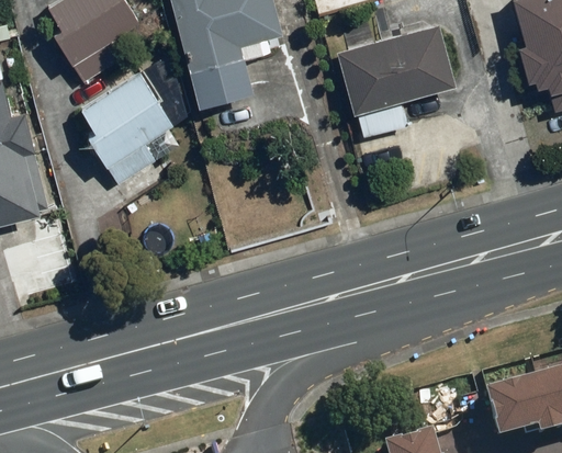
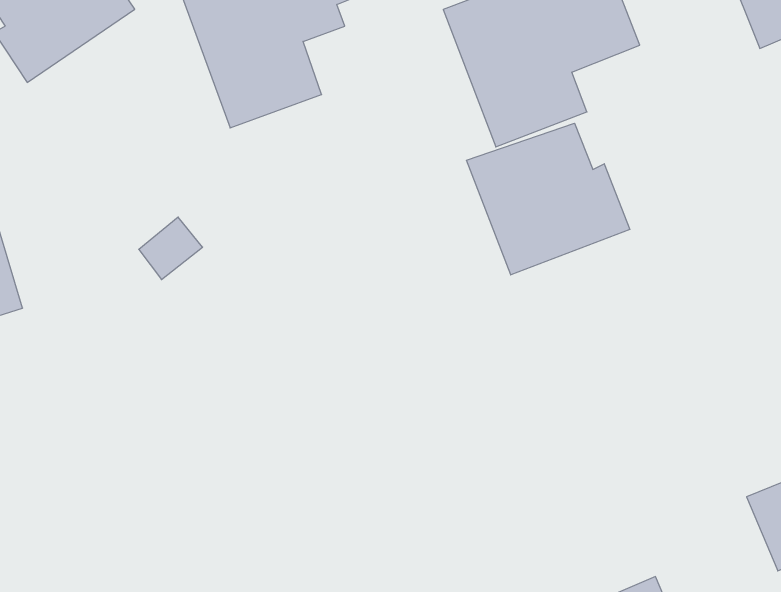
building: [79,72,173,169] -> none
building: none -> [467,123,630,275]

